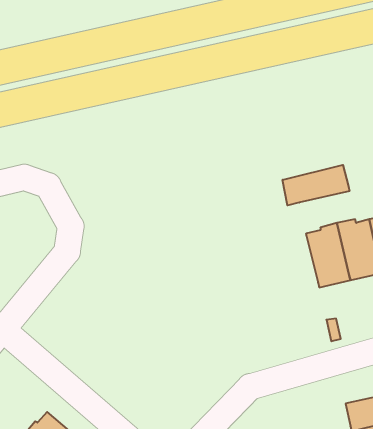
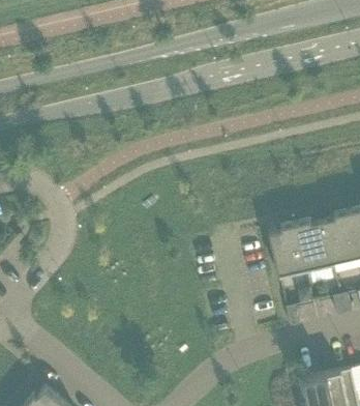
building: [283,165,349,205] -> none

